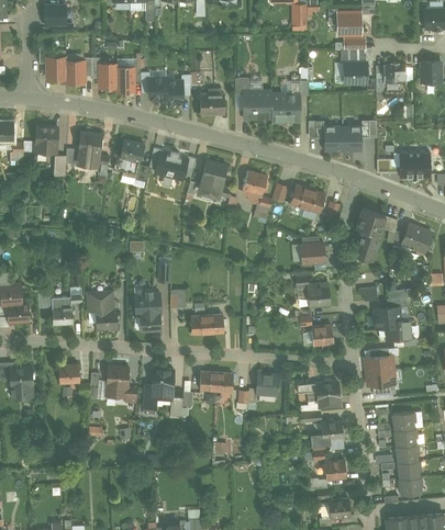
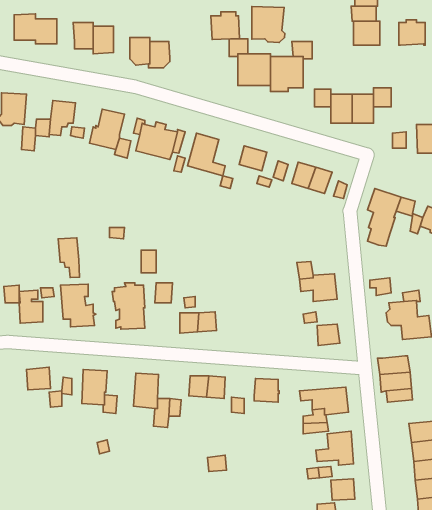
building: none -> [252,7,285,42]
building: [199,89,224,113] -> [211,12,240,40]
building: [300,243,325,266] -> none
building: none -> [58,238,79,278]

